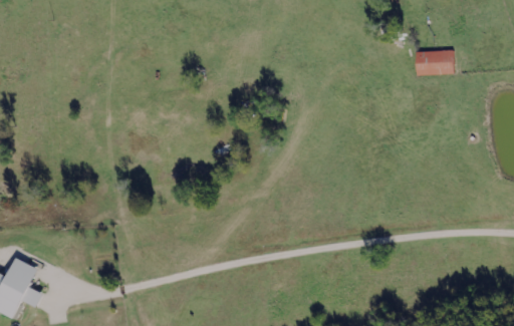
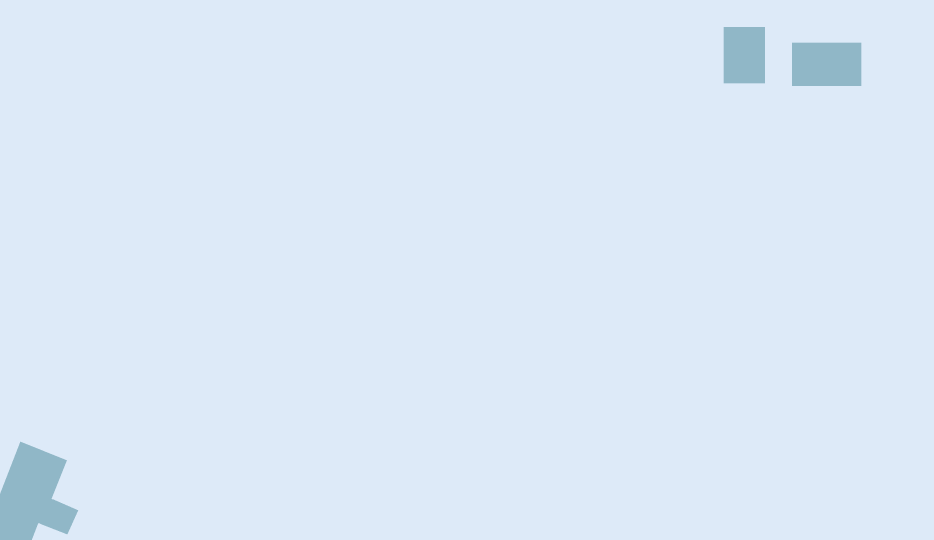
building: none -> [723,26,765,84]

